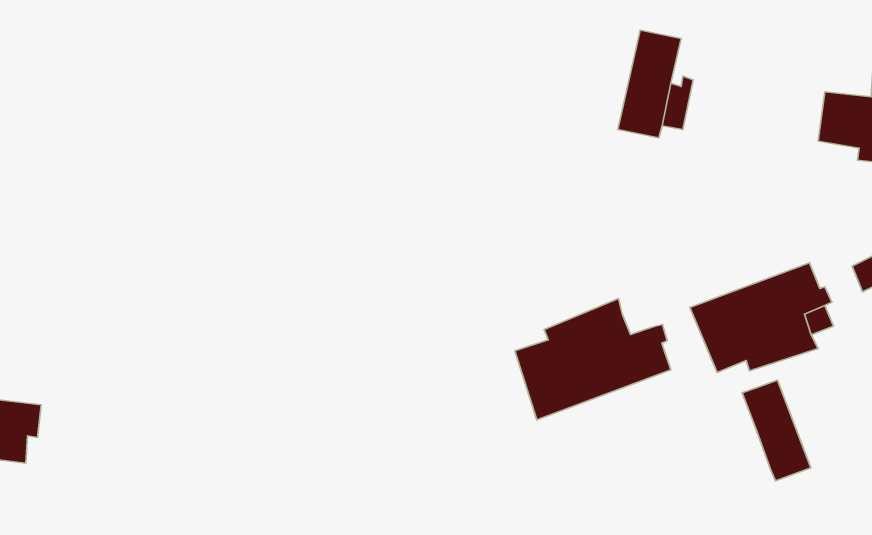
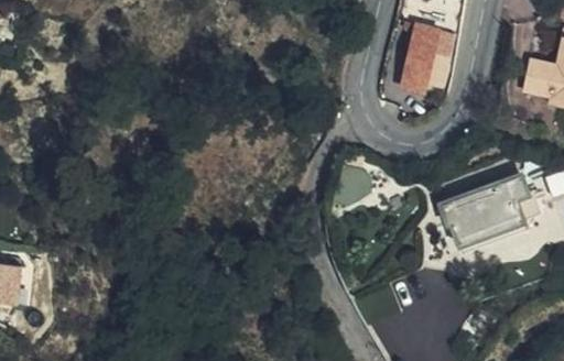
building: [515,299,671,420] -> none
building: [742,380,811,481] -> none

